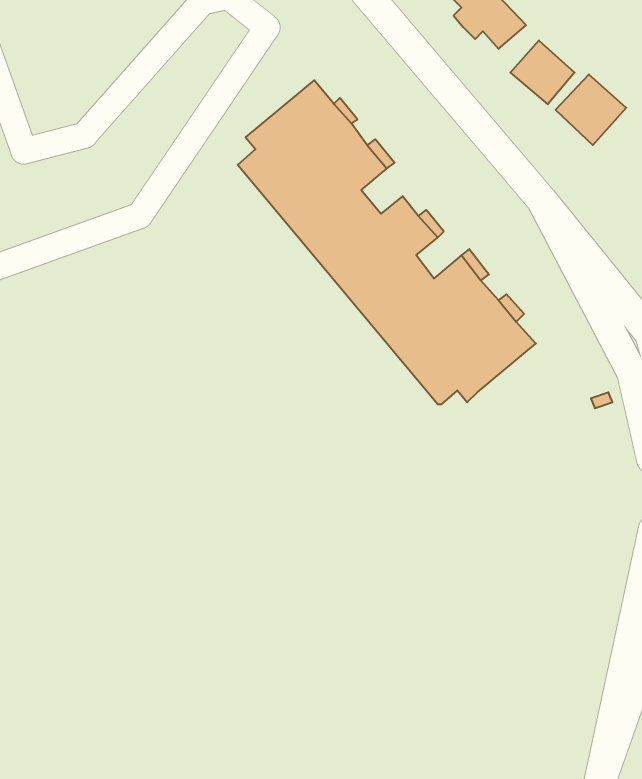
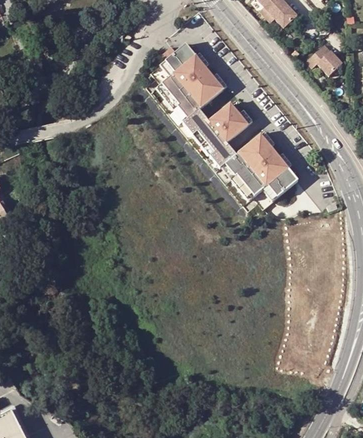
building: [510,40,575,104] -> none

